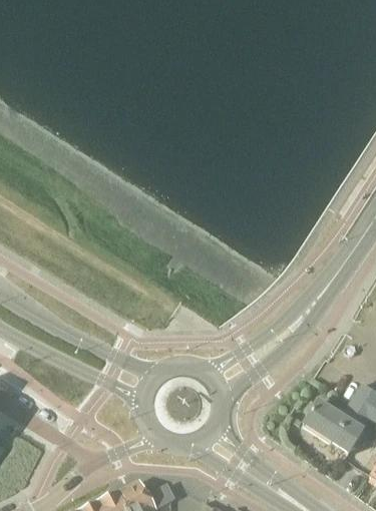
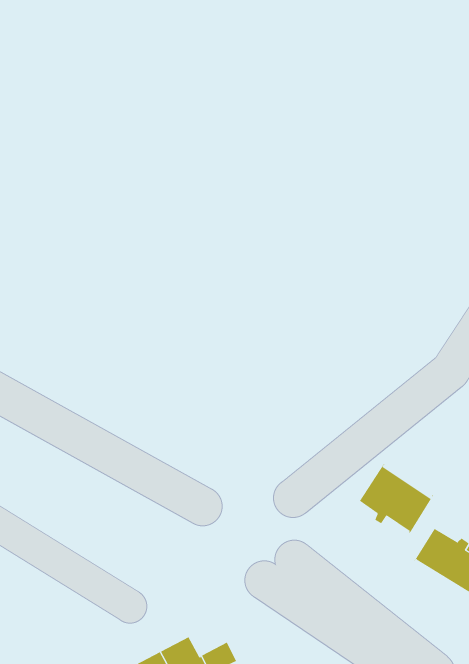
building: none -> [359,463,434,534]

